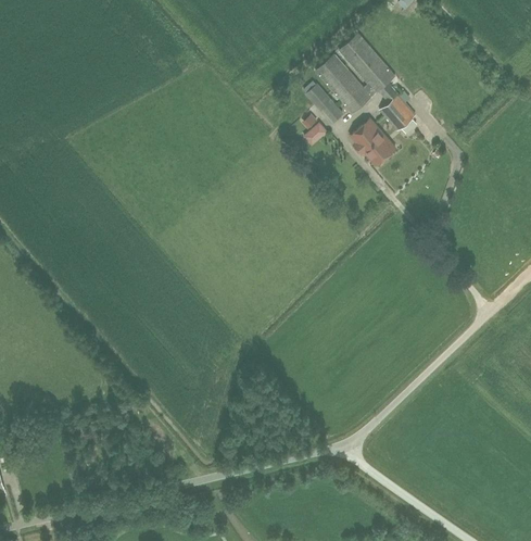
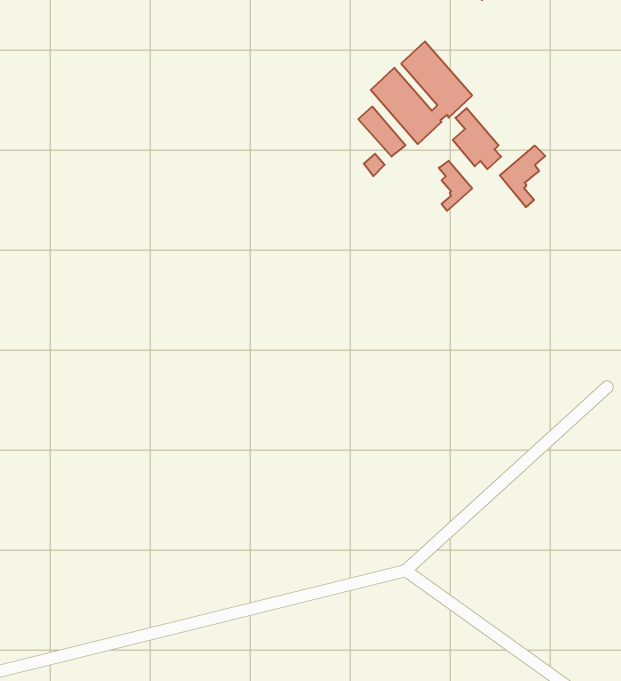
building: none -> [500,146,545,207]
building: [350,118,378,160] -> none

